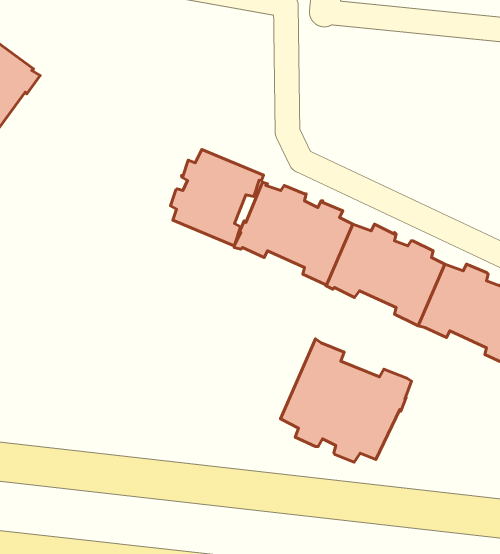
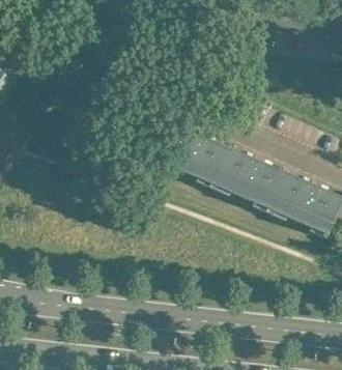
building: [171,149,263,246] -> none
building: [281,339,412,462] -> none

